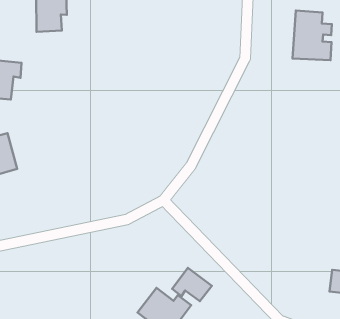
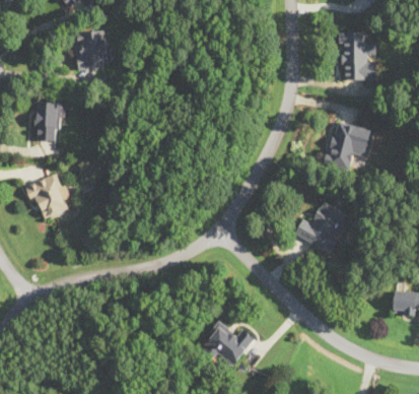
building: none -> [324,121,370,171]
building: none -> [294,201,350,254]
building: [172,268,212,301] -> none

